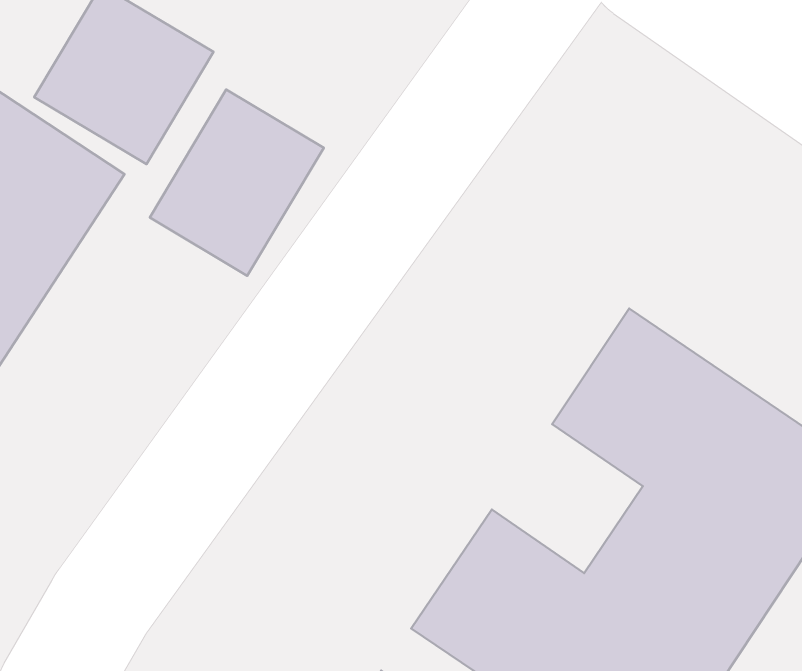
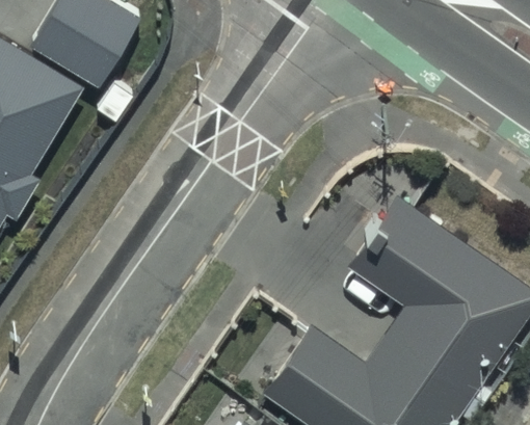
building: [150,90,324,276] -> none

